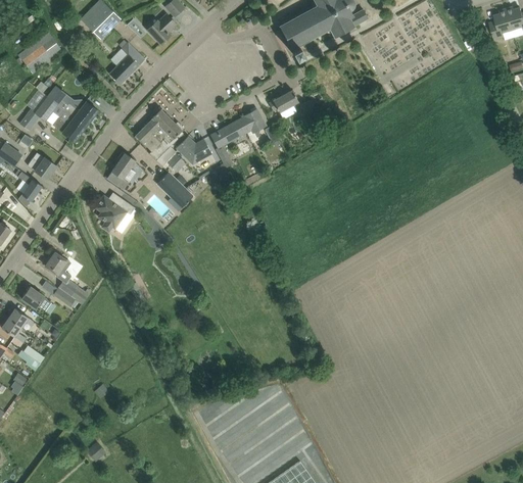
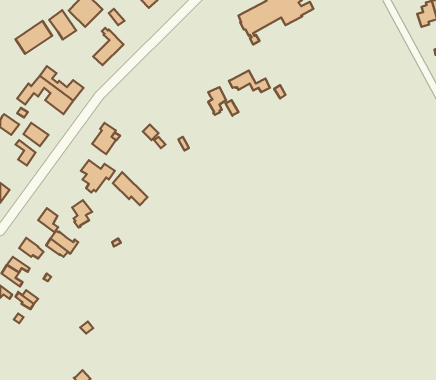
building: [148,13,176,44] -> none
building: none -> [49,10,76,39]
building: [136,107,183,159] -> none
building: [211,115,251,166] -> none
building: [176,136,212,164] -> none
building: [157,172,198,210] -> [113,172,148,205]
building: none -> [72,200,92,227]

